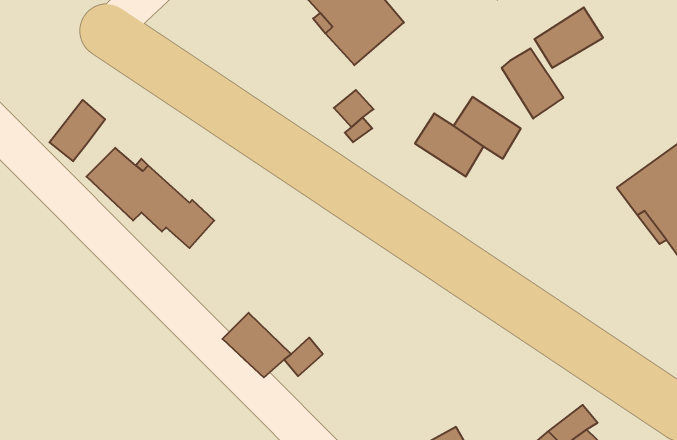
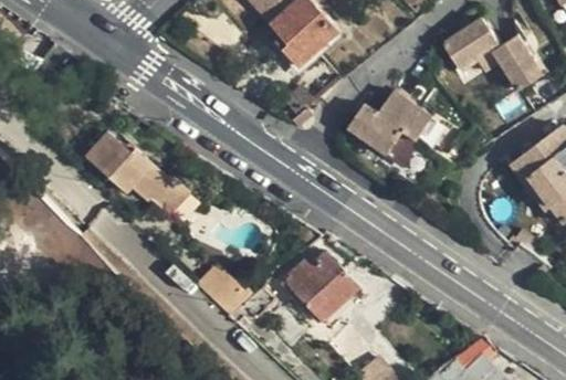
building: [502,48,563,119] -> [494,35,544,92]
building: [49,100,105,161] -> none
building: none -> [283,251,357,318]

